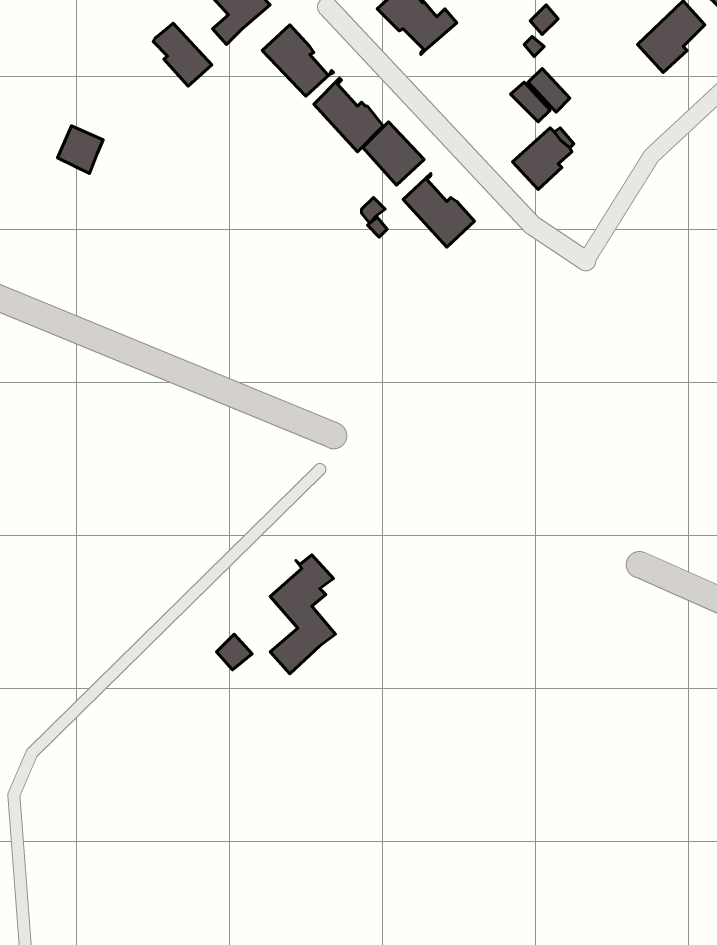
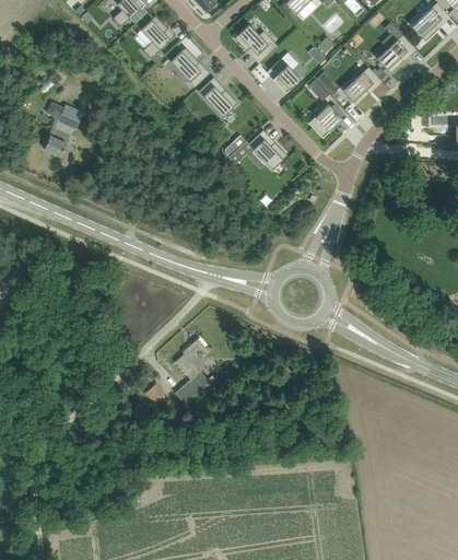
building: [153,23,212,86] -> none
building: none -> [342,67,379,106]
building: [363,122,424,185] -> [266,58,300,93]
building: none -> [44,127,70,156]

